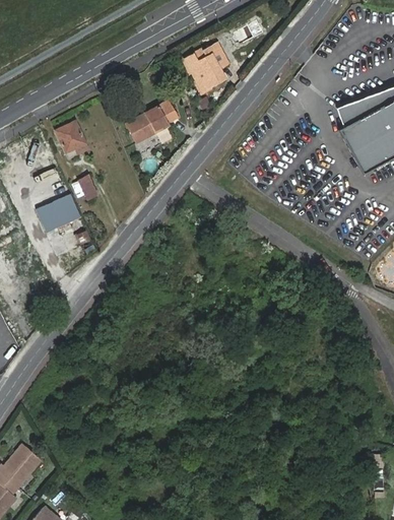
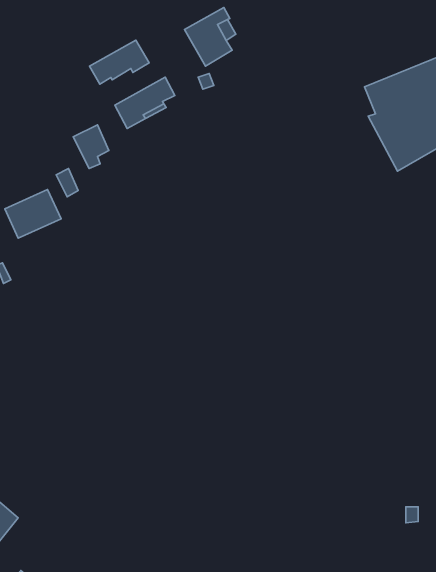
building: none -> [89,40,149,84]
building: [55,120,84,156] -> [73,125,109,169]

